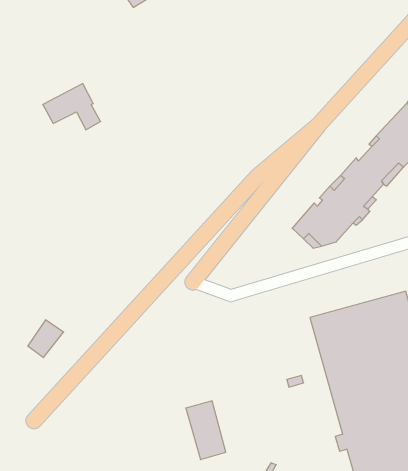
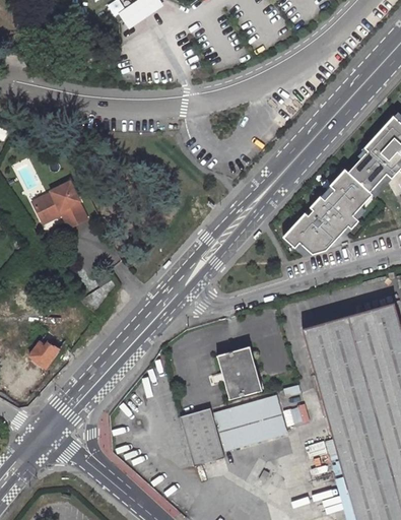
building: [43,84,101,130] -> [24,181,80,225]
building: none -> [217,345,263,397]
building: none -> [207,391,288,457]

